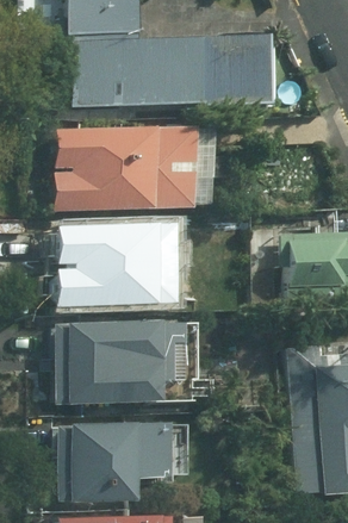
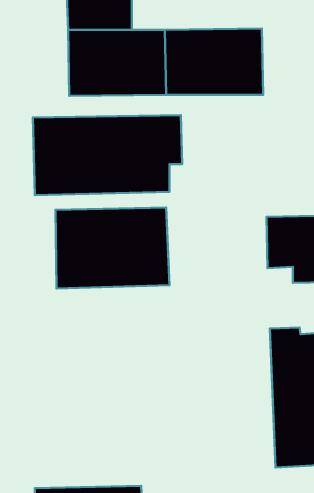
building: [50,318,180,405] -> none
building: [60,422,162,503] -> none

